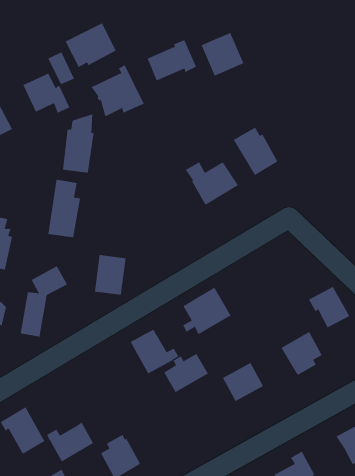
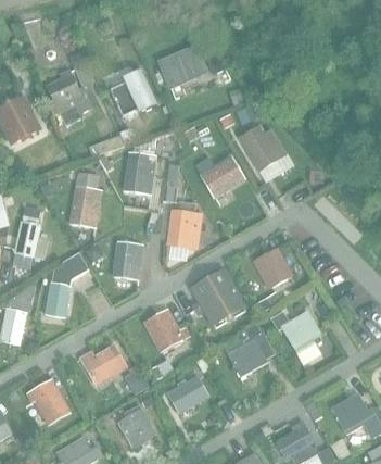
building: [65,22,116,68] -> none
building: [201,32,244,76] -> none
building: [62,113,94,173] -> [125,139,154,193]
building: none -> [167,211,196,248]
building: [308,286,350,328] -> [254,248,292,286]
building: [163,353,209,393] -> [167,377,208,413]
building: [46,422,94,462] -> [81,344,125,381]

